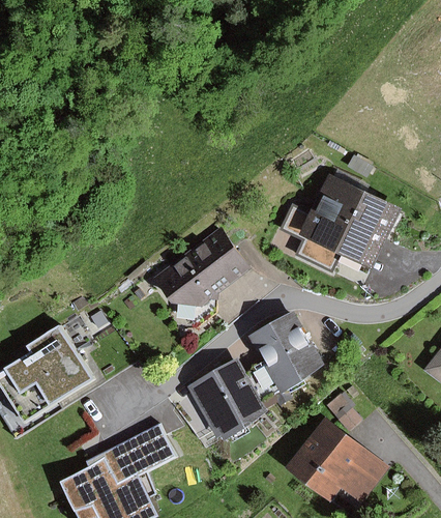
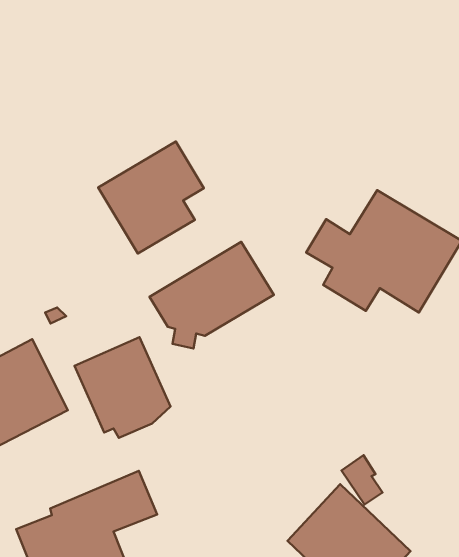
building: none -> [98,142,204,254]
building: [249,311,324,394] -> none
building: [184,357,266,441] -> [74,337,170,438]

